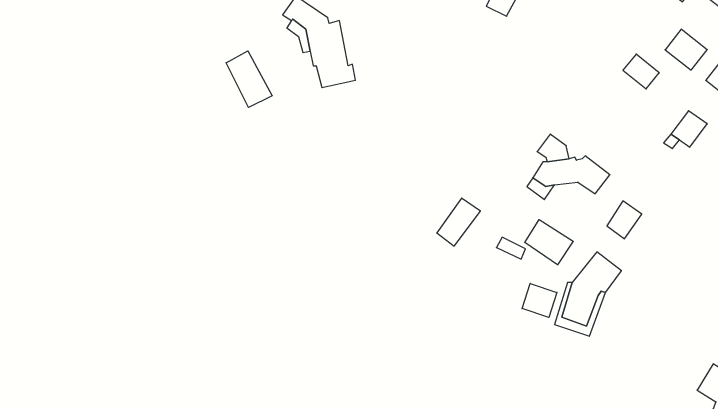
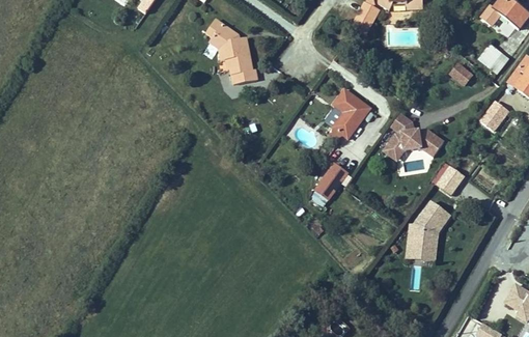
building: [226,51,272,107] -> none
building: none -> [333,89,370,138]
building: [525,220,573,265] -> none
building: [522,283,557,317] -> none

